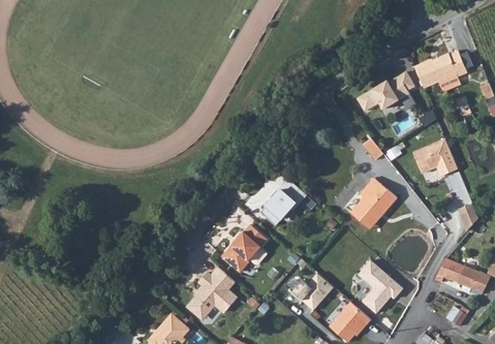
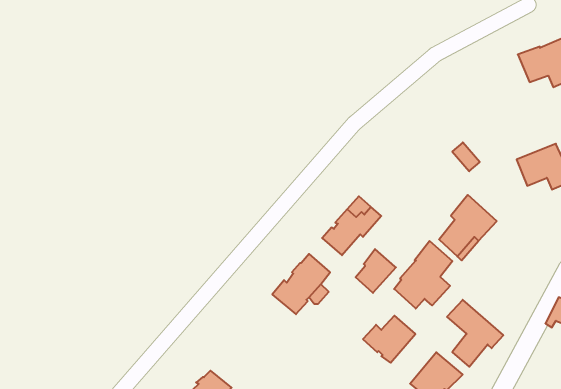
building: [355,68,412,108] -> none
building: none -> [394,241,452,309]
building: none -> [356,249,396,293]
building: [188,267,236,316] -> none

